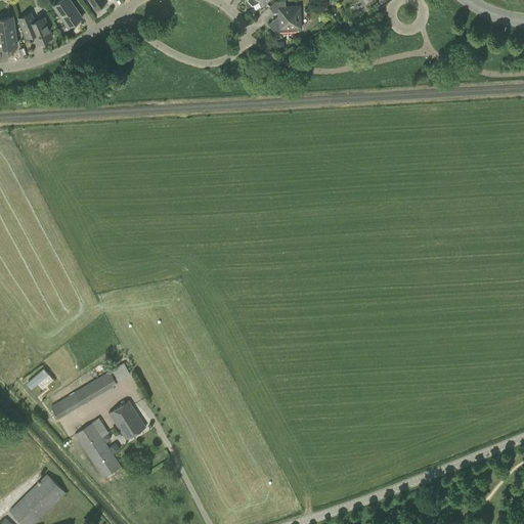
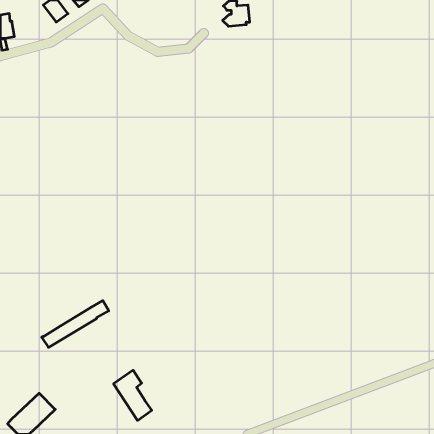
building: [18,13,52,43] -> none
building: [108,400,145,439] -> none
building: [75,418,121,478] -> [114,370,152,420]

